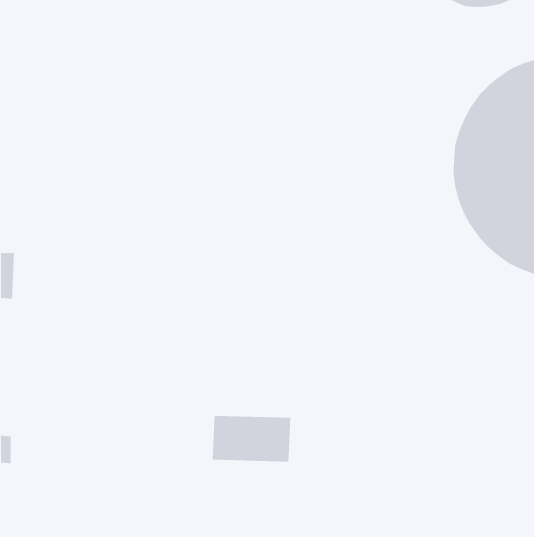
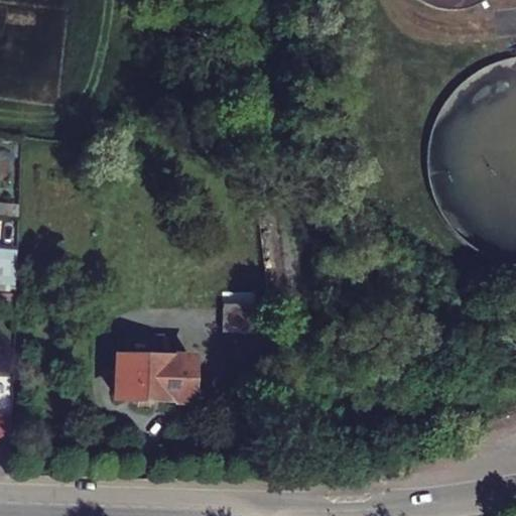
building: none -> [229,303,263,328]
building: [212,415,291,462] -> [123,351,199,395]

